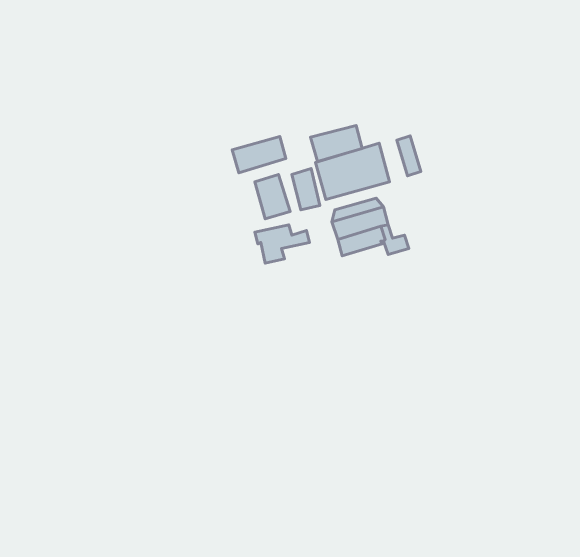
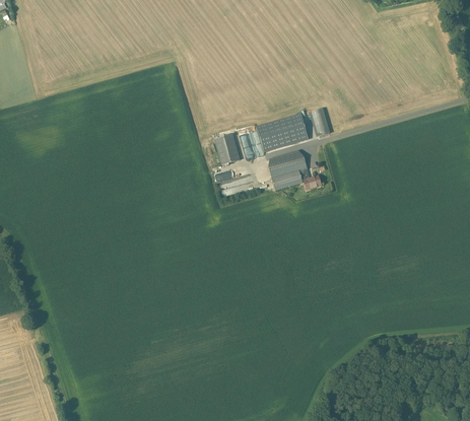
building: [311,125,362,161] -> none
building: [232,136,286,173] -> none

